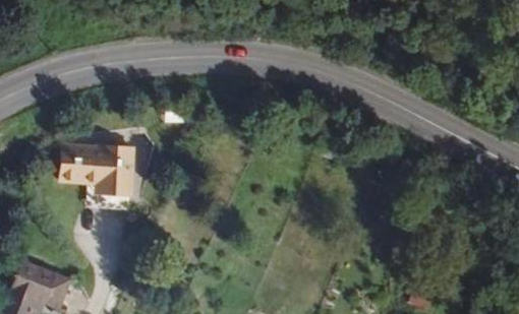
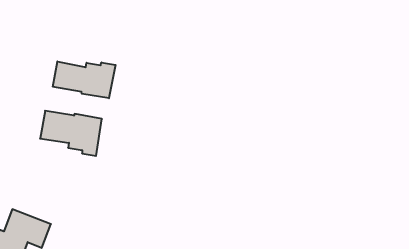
building: none -> [53,61,116,98]

